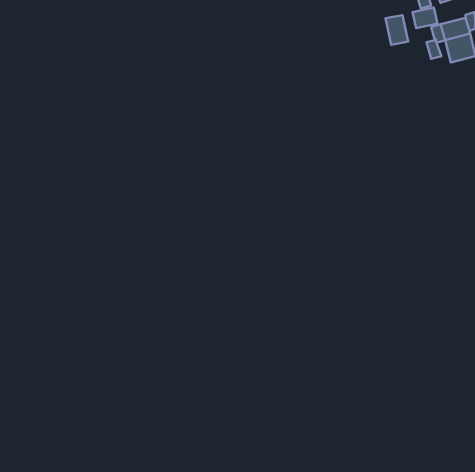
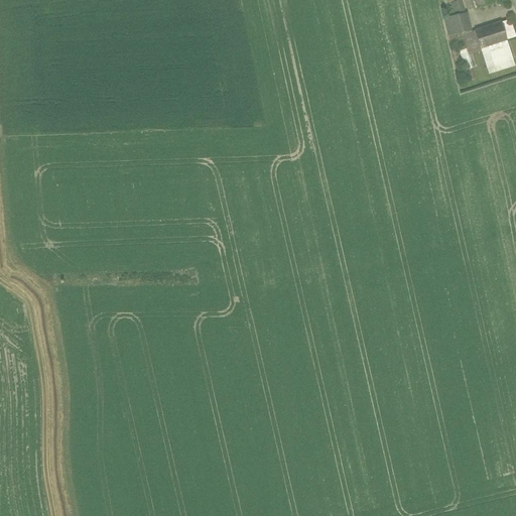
building: [385,15,408,45] -> none

